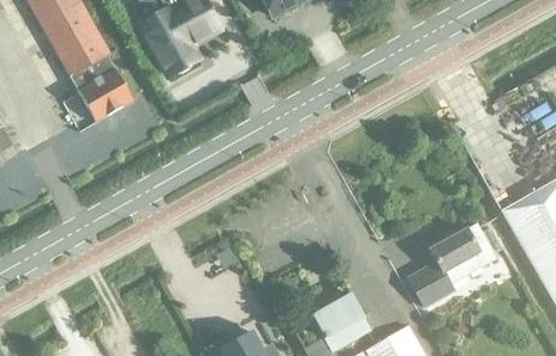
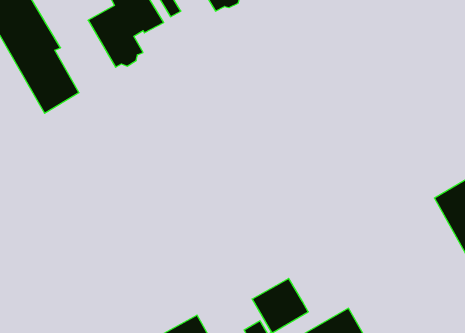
building: [409,222,497,307] -> none

